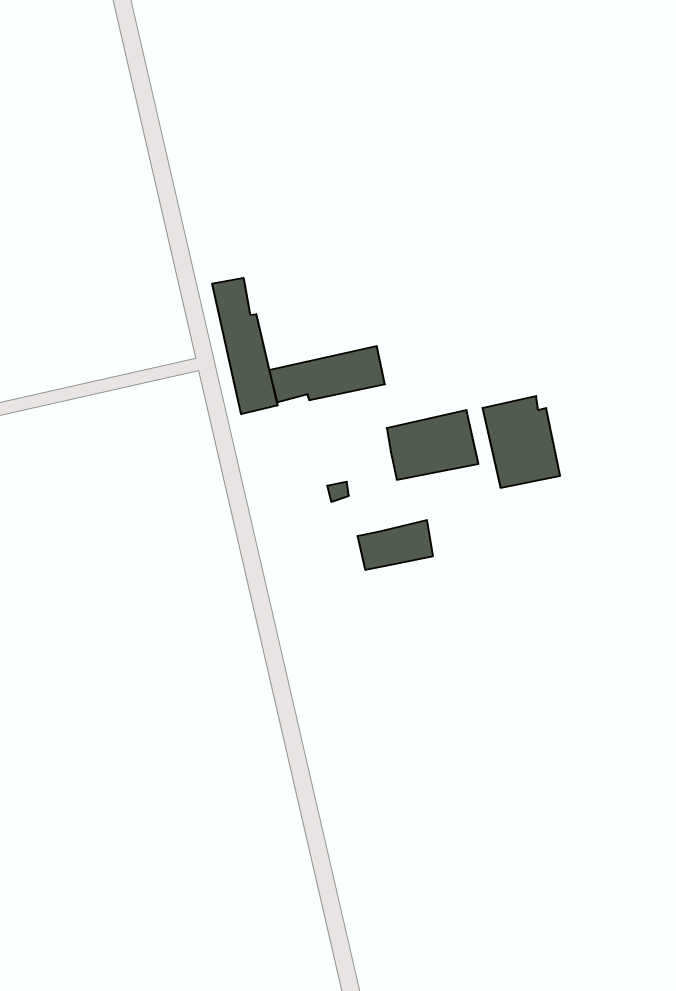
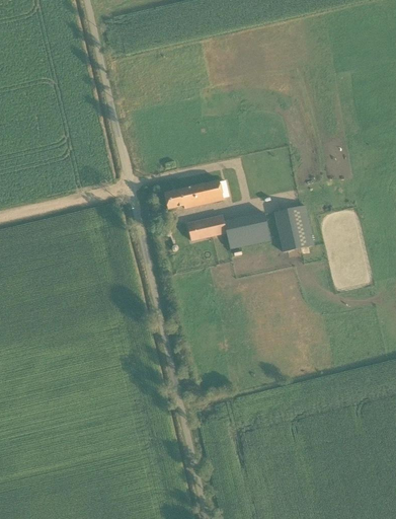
building: [212,278,278,414] -> none
building: [357,520,433,570] -> [188,216,227,241]

